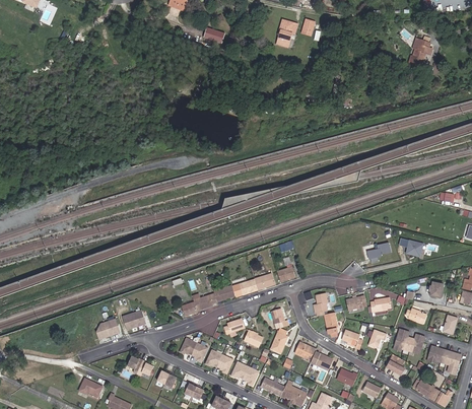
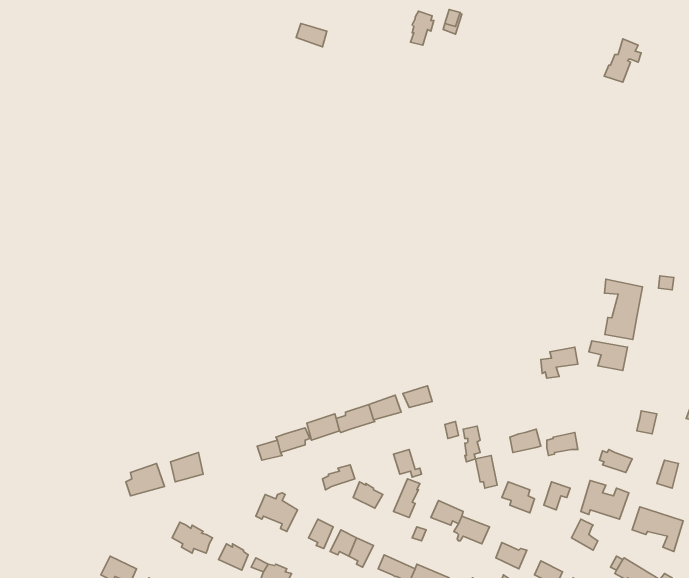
building: none -> [605,279,643,340]

